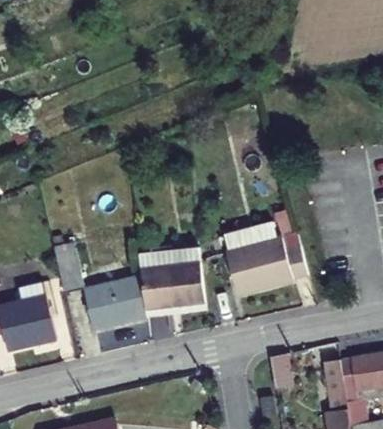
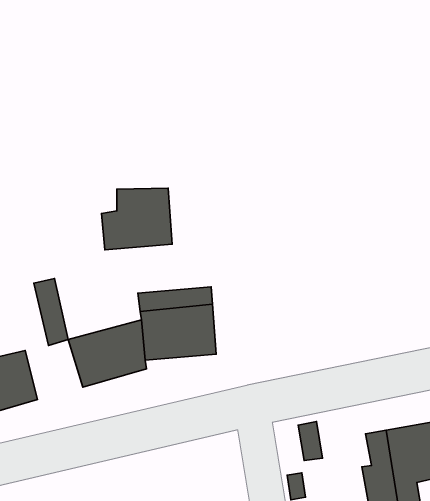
building: none -> [102,188,172,250]
building: [223,221,304,285] -> none

